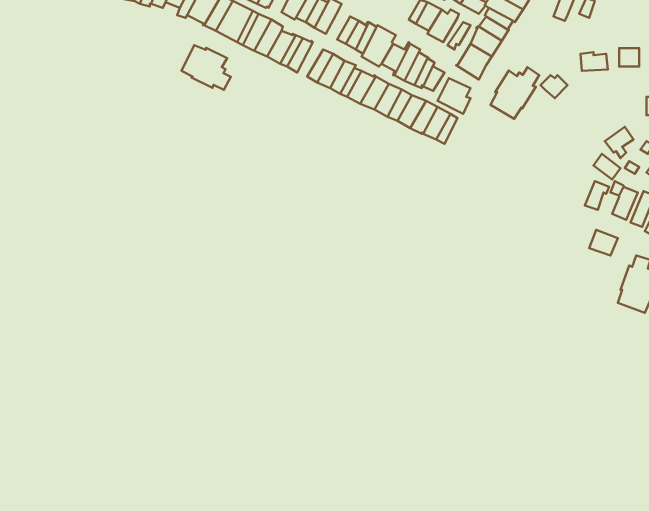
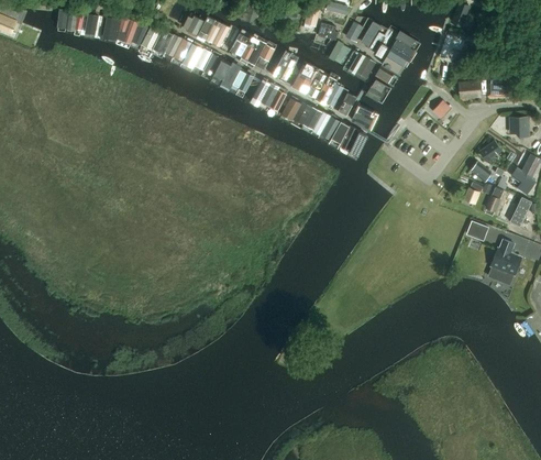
building: [182,45,231,90] -> none
building: [491,67,539,119] -> none

